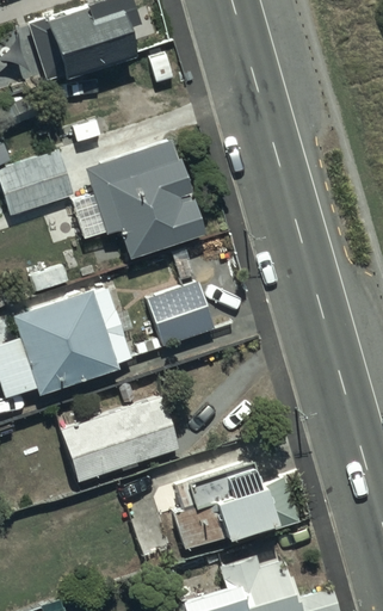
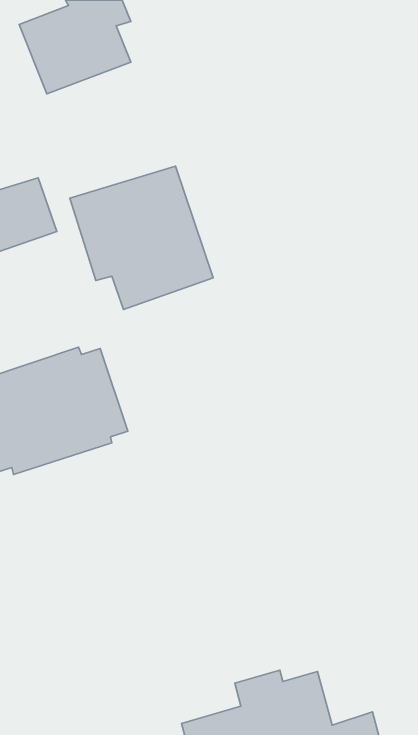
building: [148,283,215,347] -> none
building: [60,397,179,483] -> none
building: [173,469,302,551] -> none

